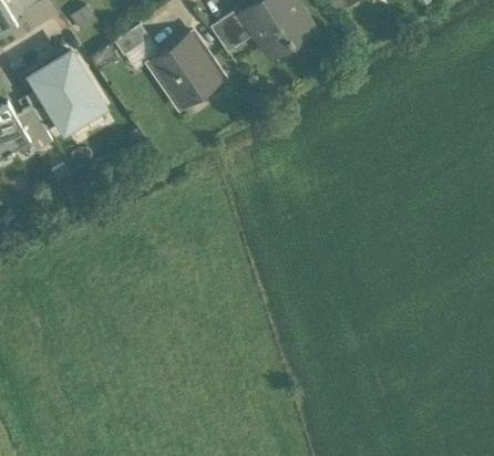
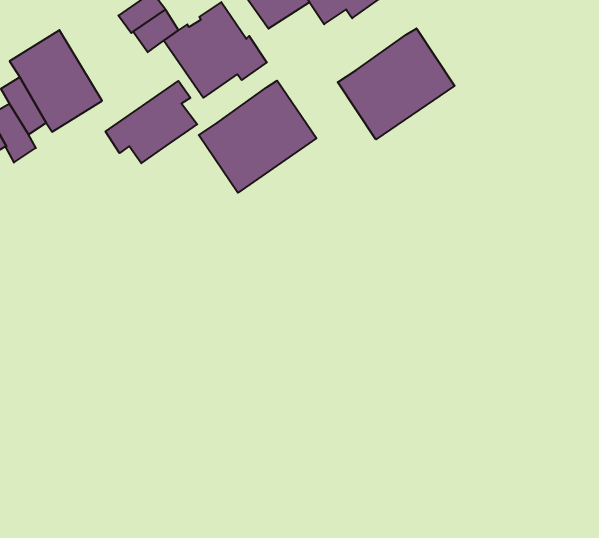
building: none -> [338,28,455,139]
building: none -> [199,81,316,193]
building: none -> [106,81,197,163]

